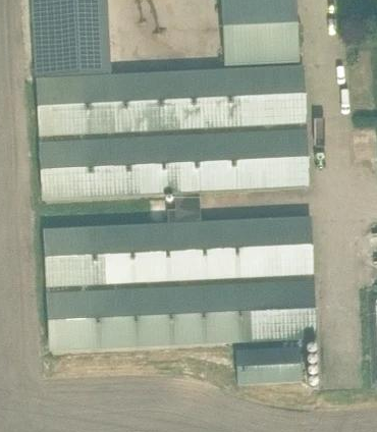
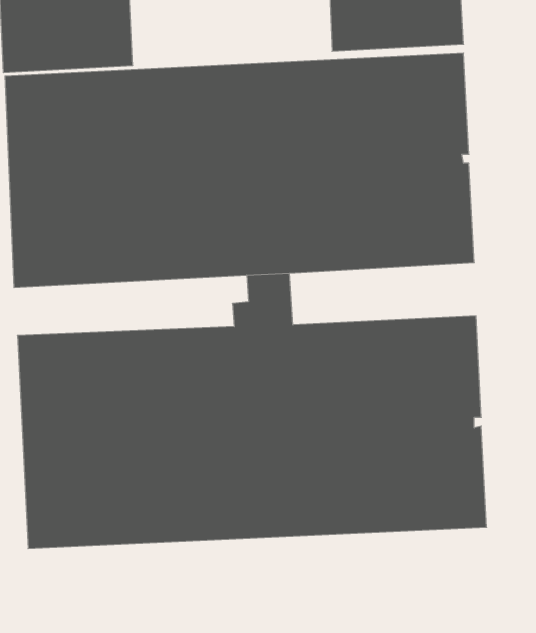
building: [236,346,302,382] -> none

